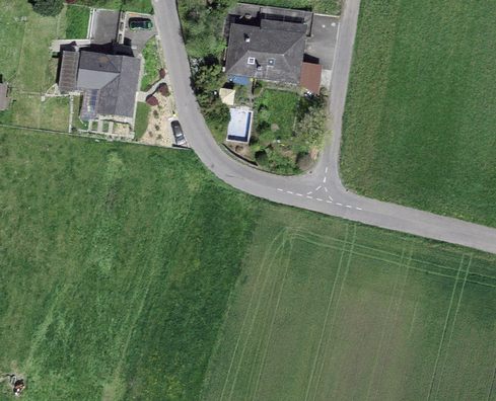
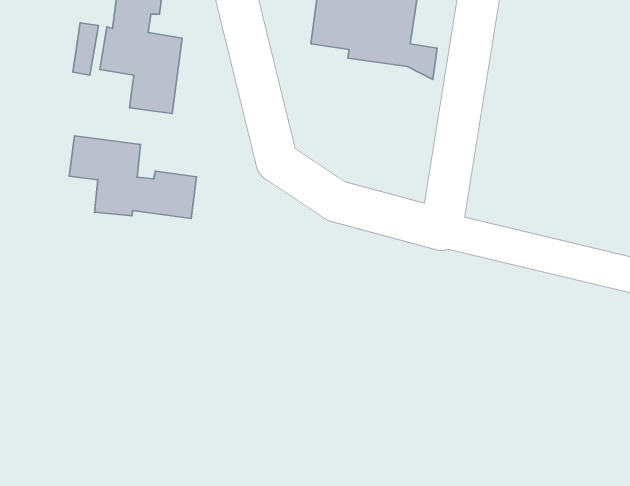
building: none -> [69,136,197,218]

